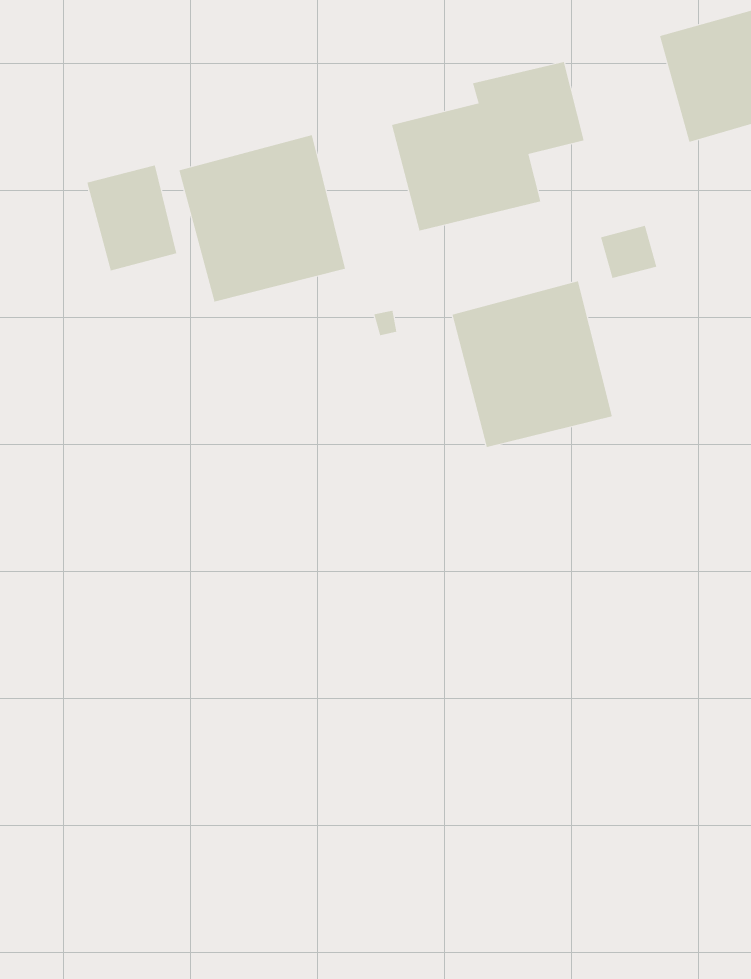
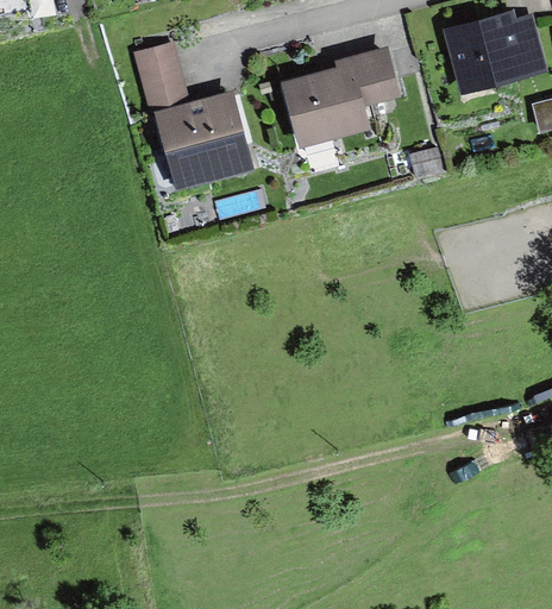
building: [86,165,177,271] -> [134,42,189,106]
building: [452,280,612,448] -> none

